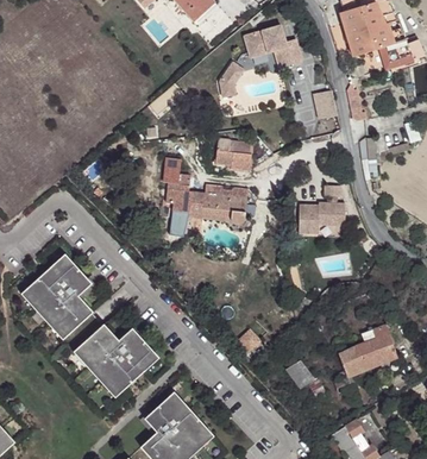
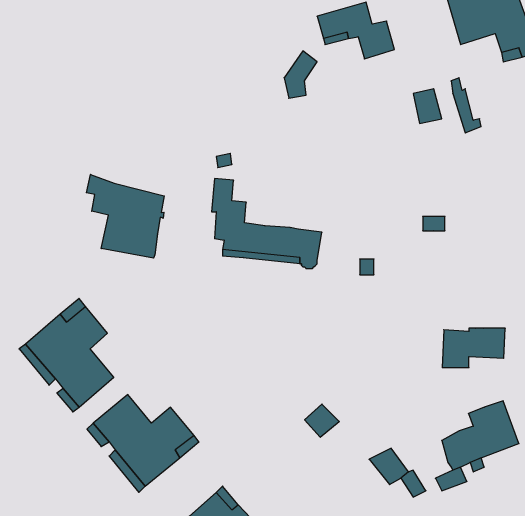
building: [216,140,253,172] -> none
building: none -> [86,174,164,258]
building: [302,206,350,235] -> [442,328,505,368]

